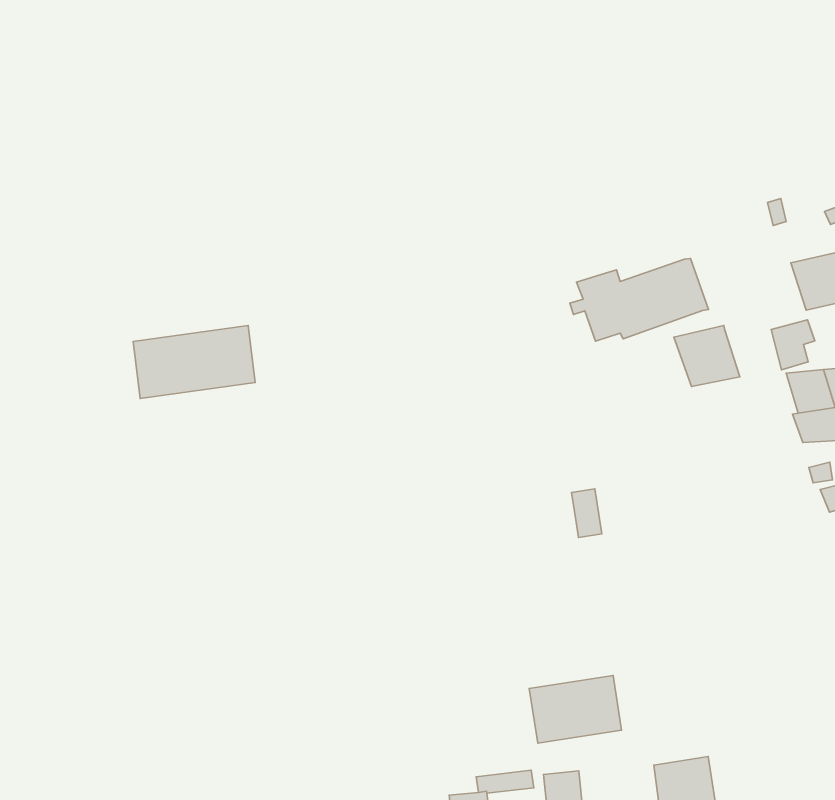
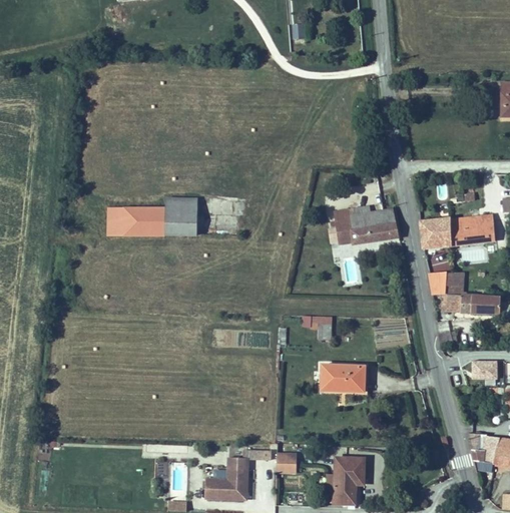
building: none -> [165,196,198,236]
building: [674,325,740,386] -> [418,216,448,244]
building: [529,676,622,743] -> [322,366,365,394]

